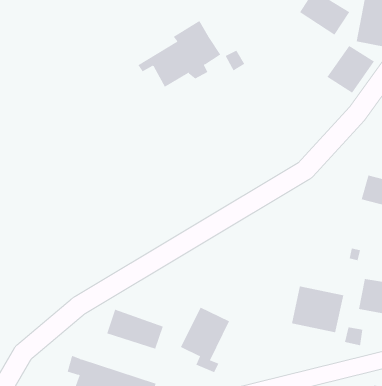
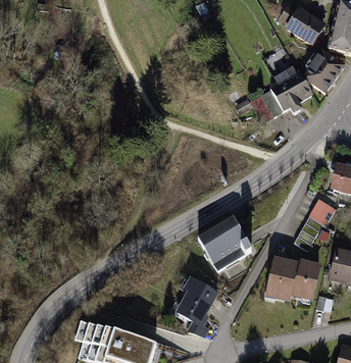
building: [137,20,221,88] -> [240,64,312,122]
building: none -> [295,199,333,249]
building: none -> [202,217,249,261]
building: [107,309,164,349] -> none

